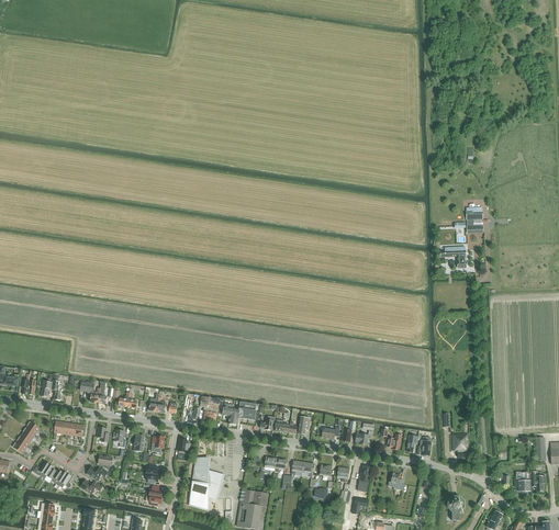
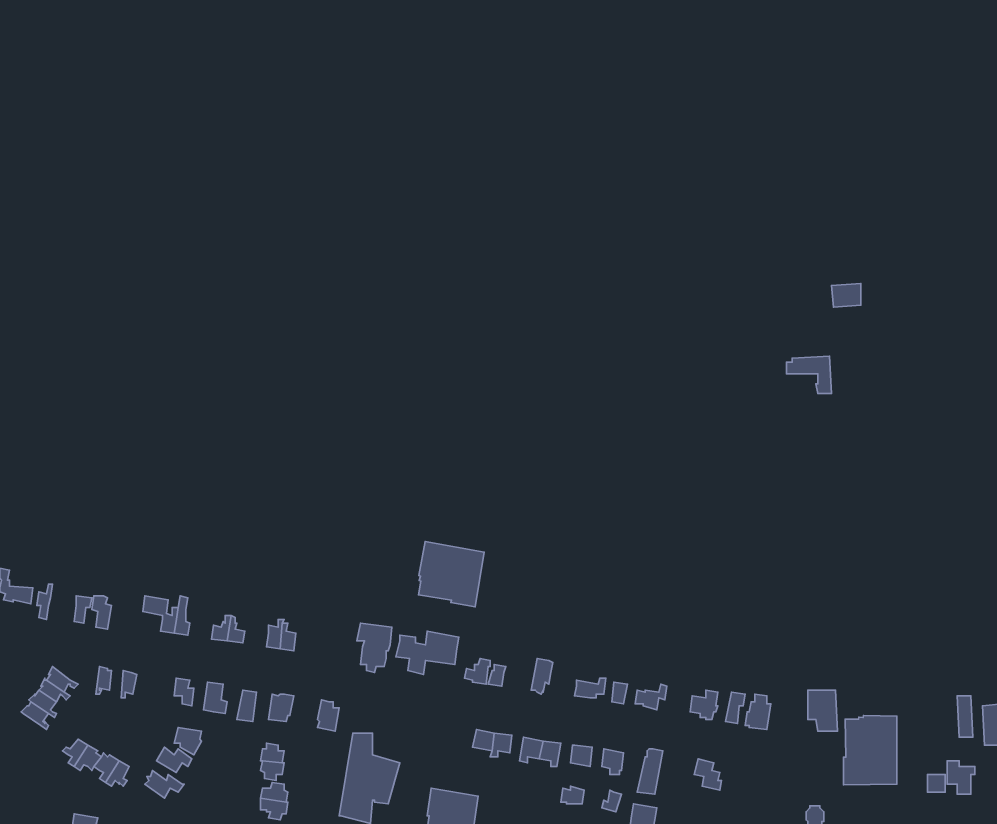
building: none -> [418,542,484,607]
building: none -> [843,716,897,785]

